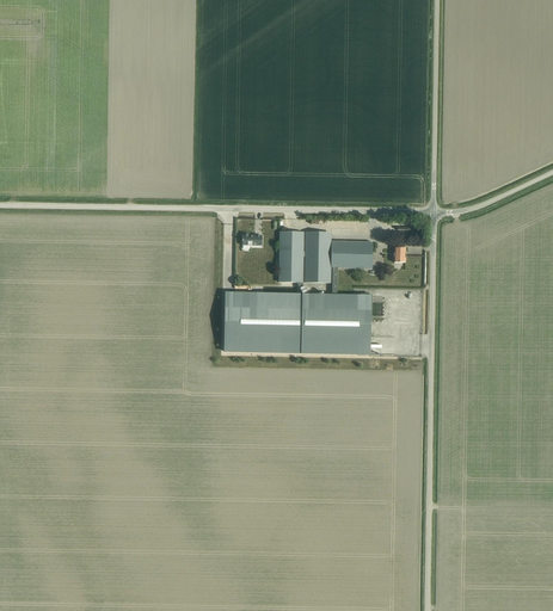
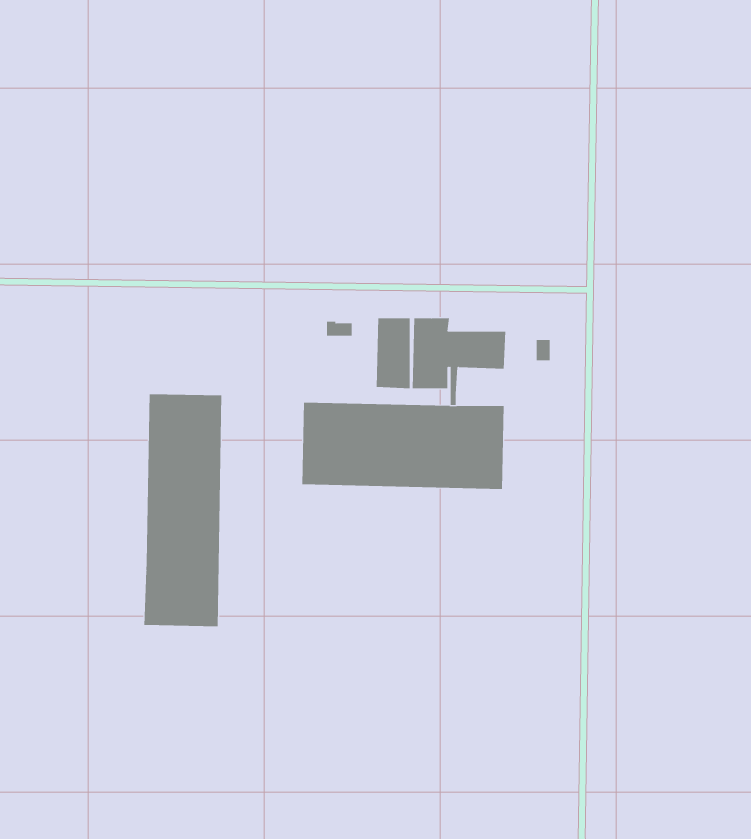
building: none -> [144,394,222,627]

